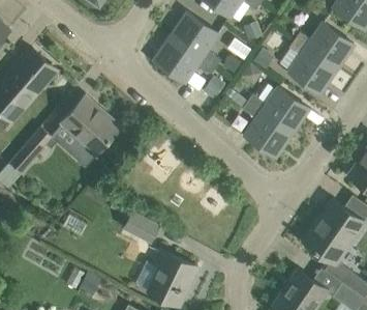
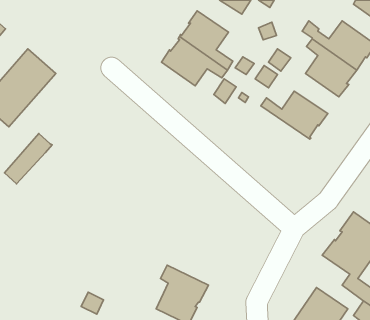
building: [62,98,121,168] -> none
building: [242,102,293,158] -> none
building: [125,212,160,243] -> none

